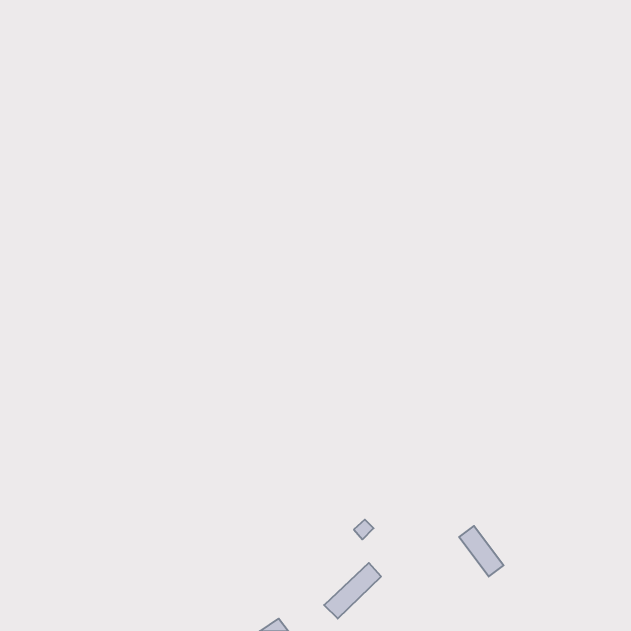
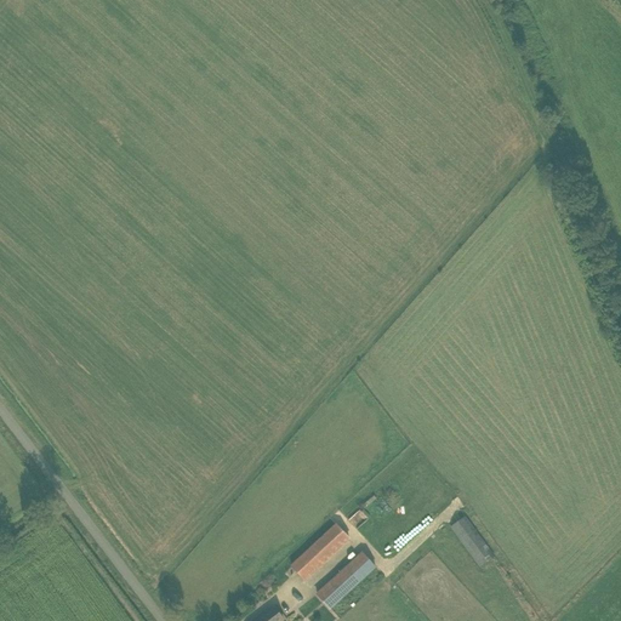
building: none -> [291,524,348,579]

